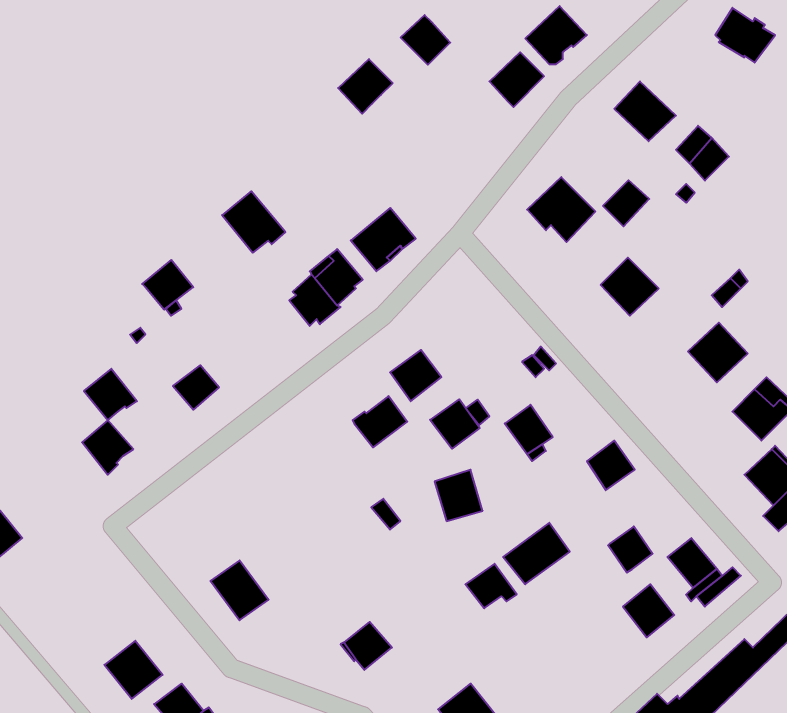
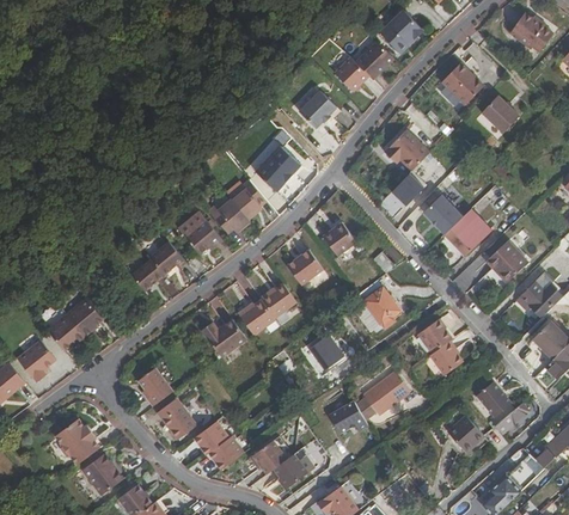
building: [401,15,450,65] -> [330,59,365,93]
building: [338,59,393,114] -> [296,93,335,131]
building: [603,180,649,226] -> [387,176,420,208]
building: [222,191,285,253] -> [177,213,221,256]
building: [142,260,193,310] -> [147,243,183,277]
building: none -> [449,208,490,249]
building: [84,369,137,420] -> [48,315,85,351]
building: [430,399,480,449] -> [320,225,355,259]
building: none -> [235,302,271,337]
building: none -> [200,323,244,358]
building: none -> [17,341,55,384]
building: none -> [137,367,173,406]
building: [608,526,653,573] -> [432,337,463,369]
building: none -> [55,419,100,466]
building: none -> [194,421,244,470]
building: none -> [271,447,312,489]

